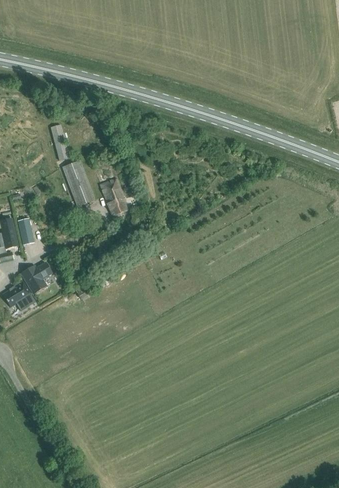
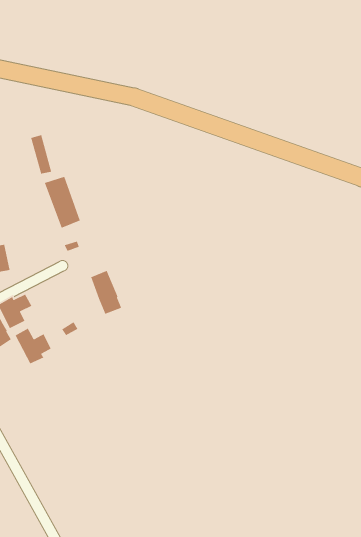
building: [100,177,128,216] -> [90,270,122,315]
building: none -> [14,327,52,365]

